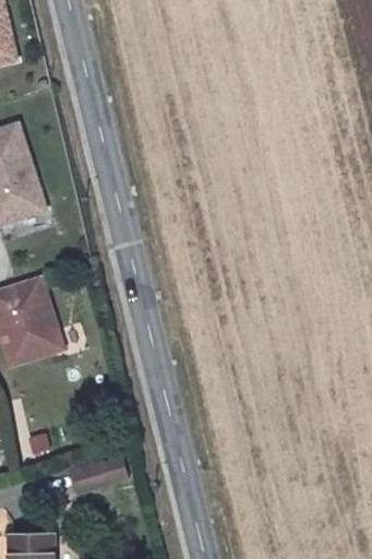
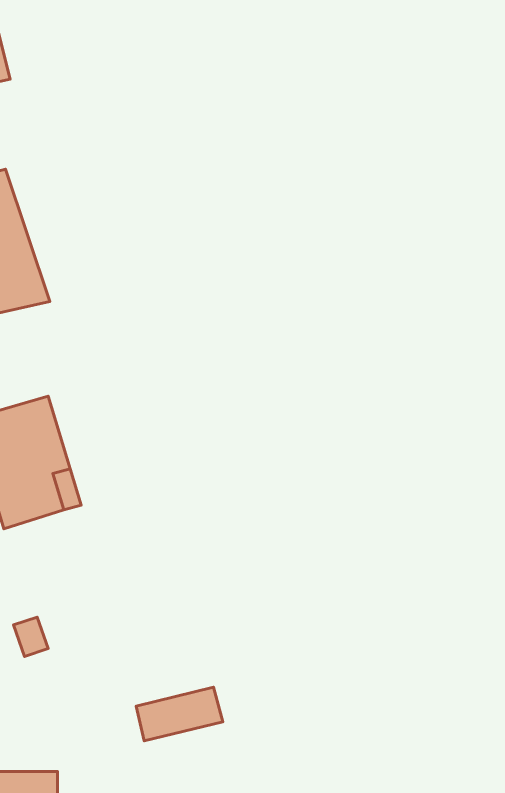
building: [70,455,130,492] -> [136,687,223,741]

